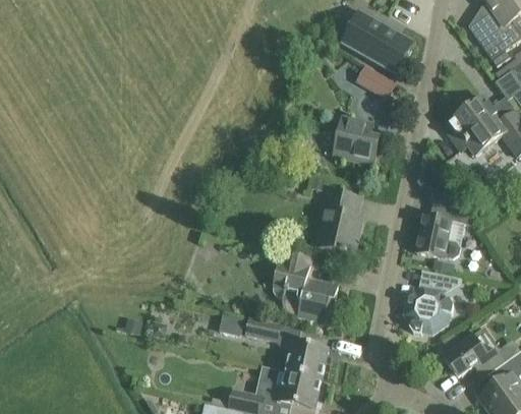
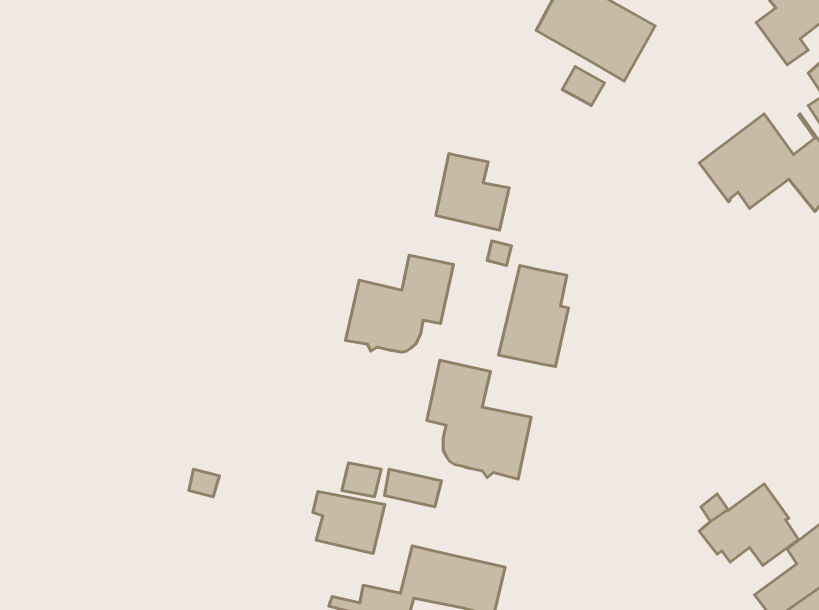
building: [333,116,379,164] -> [436,154,509,230]
building: none -> [346,255,454,352]
building: [415,204,473,259] -> none
building: [403,271,460,334] -> none
building: [283,340,328,378] -> [313,491,385,553]

